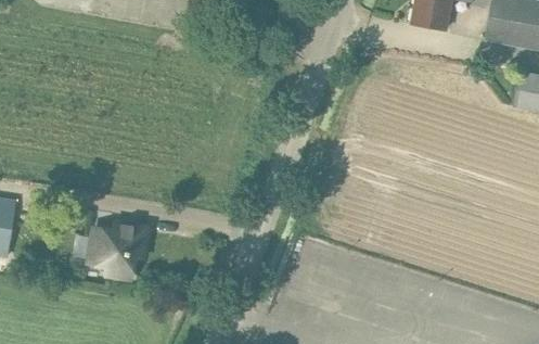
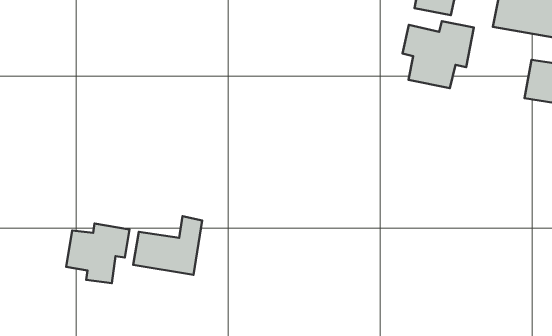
building: none -> [402,21,474,88]
building: none -> [133,216,202,275]

